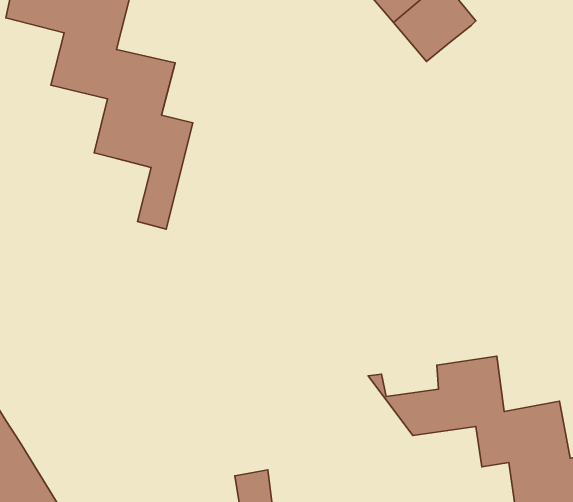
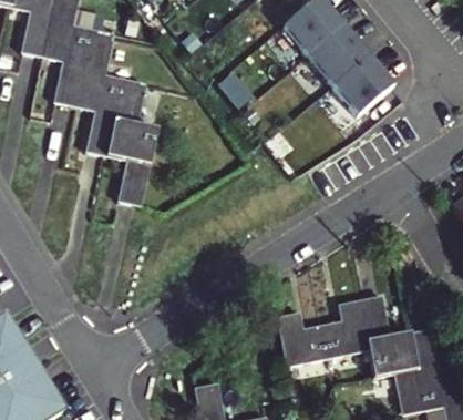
building: none -> [331,52,392,112]
building: none -> [276,315,321,366]

